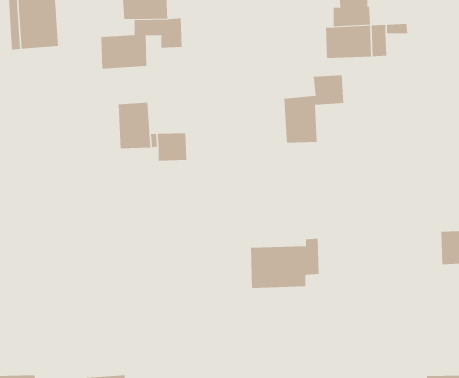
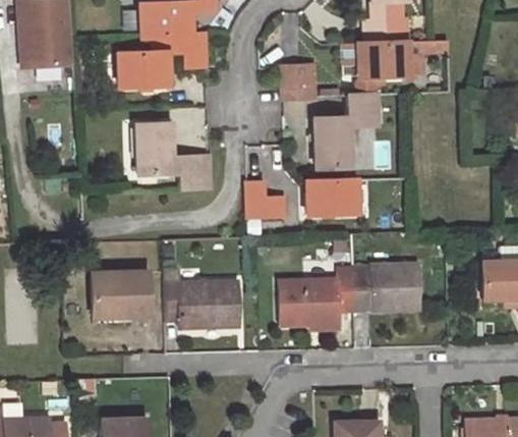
building: none -> [281,68,314,101]
building: none -> [307,181,357,215]
building: none -> [247,183,284,217]
building: none -> [351,266,419,310]
building: none -> [164,272,239,327]
building: none -> [93,273,149,318]

